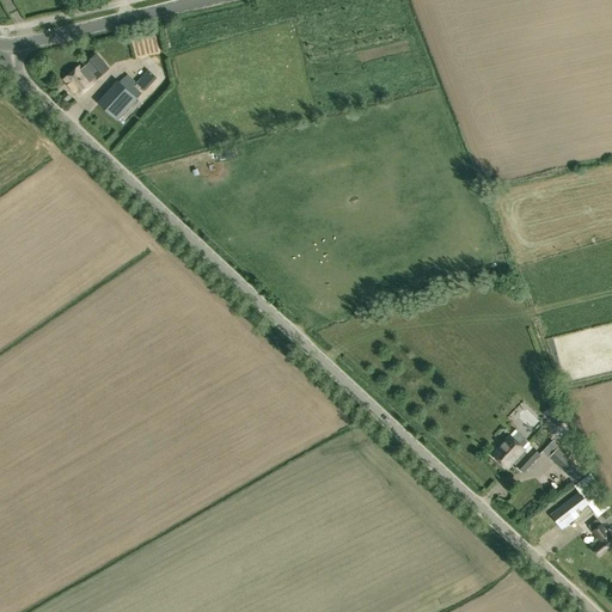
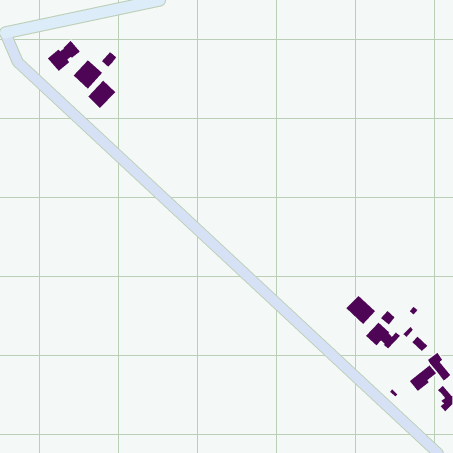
building: none -> [87,80,116,109]
building: none -> [346,295,376,325]

